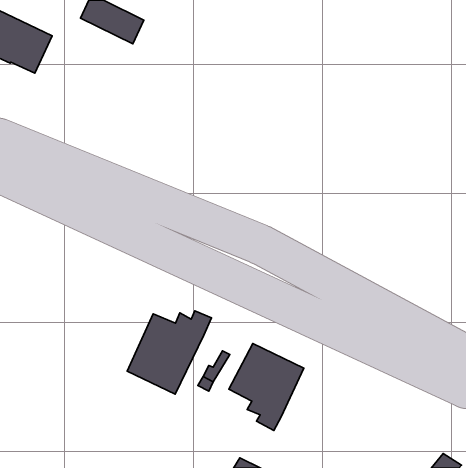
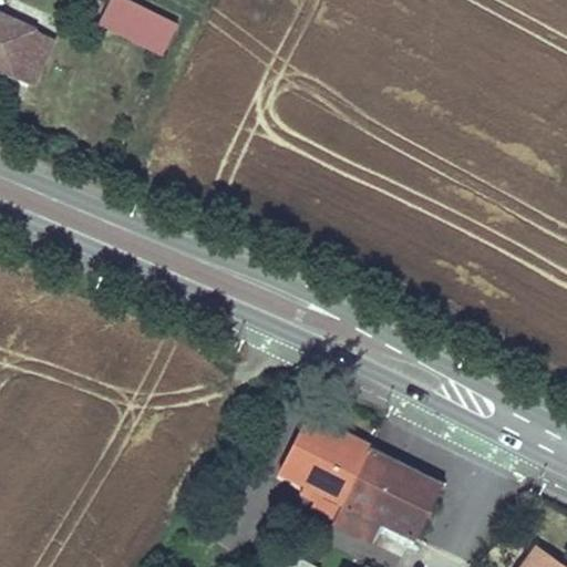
building: [127,311,212,394] -> none
building: none -> [330,445,444,544]

